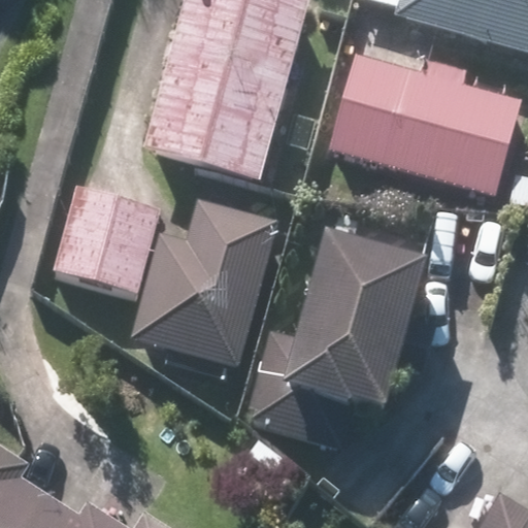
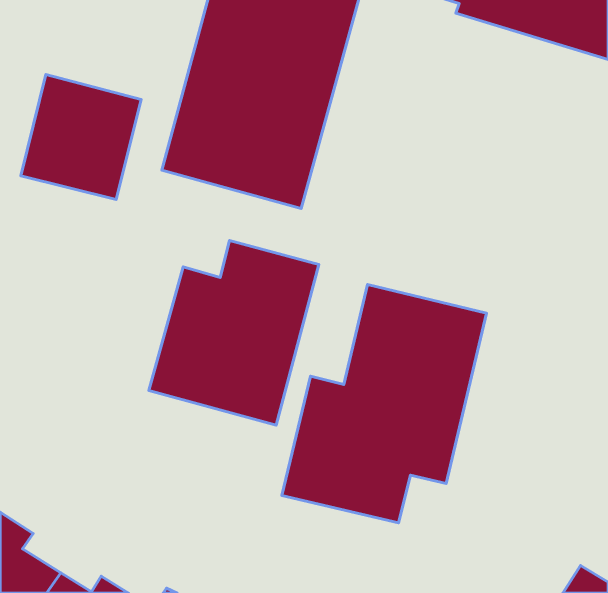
building: [332,57,517,197] -> none
building: [54,183,158,291] -> [21,75,141,200]

